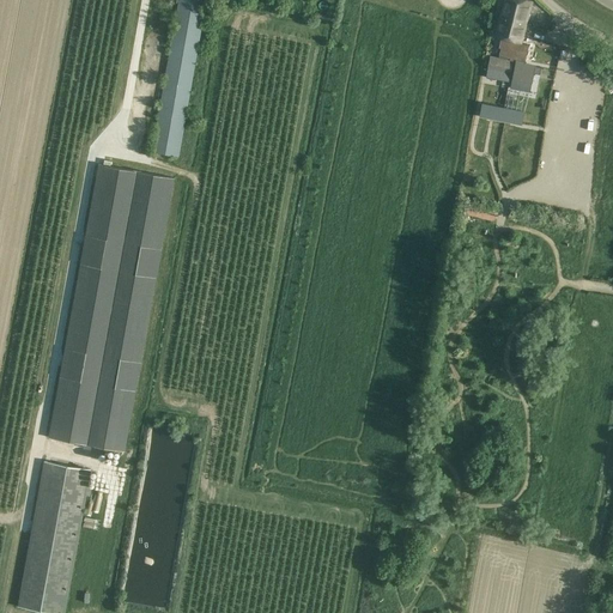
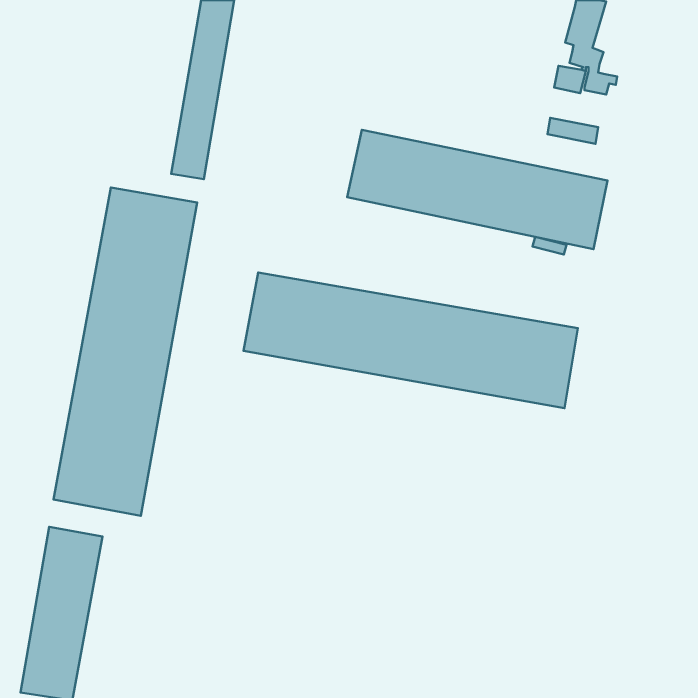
building: none -> [347,130,608,249]
building: none -> [244,272,578,408]

